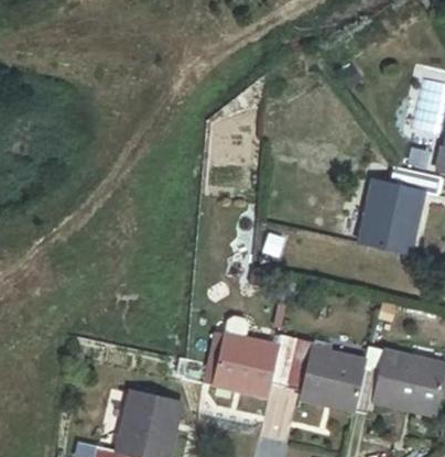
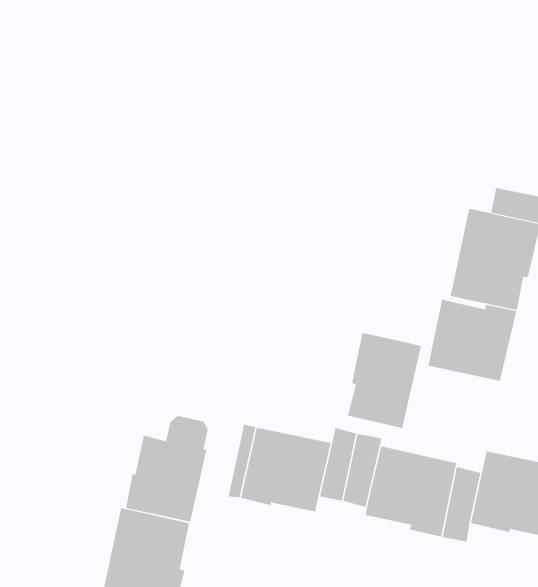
building: none -> [428,299,517,382]
building: none -> [347,332,421,429]
building: none -> [125,415,208,522]

